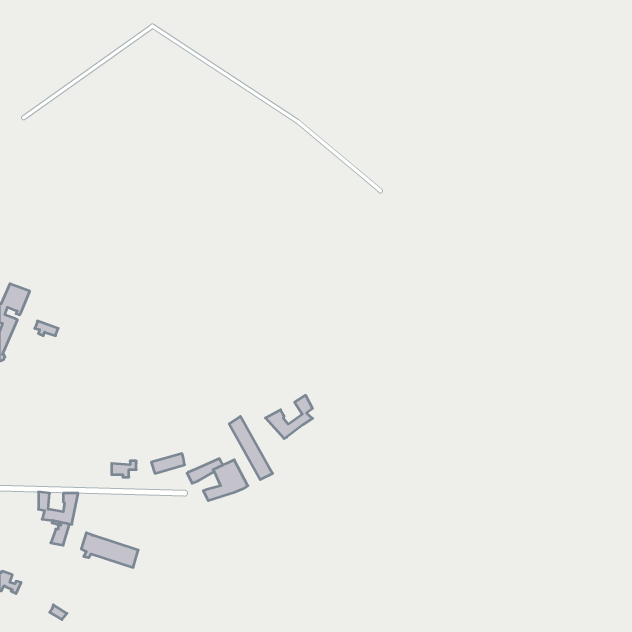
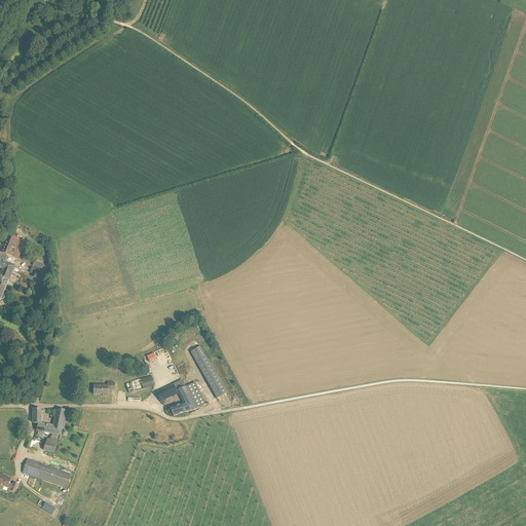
building: [265,395,313,439] -> none
building: [81,533,138,567] -> [22,458,69,487]

